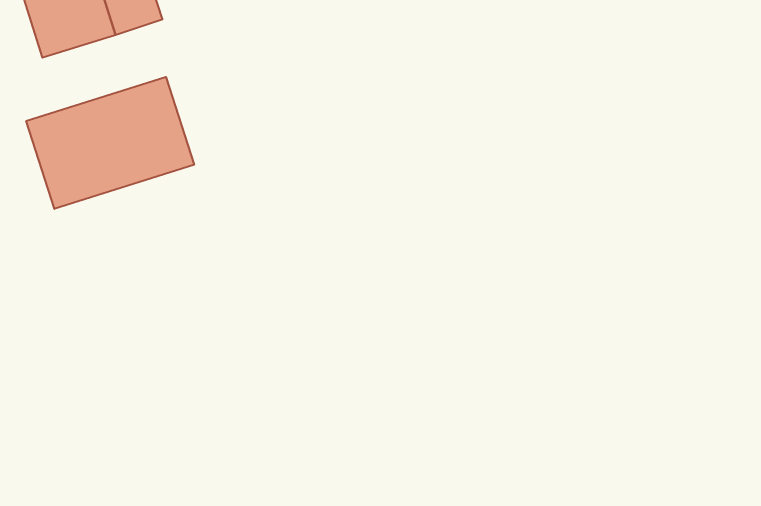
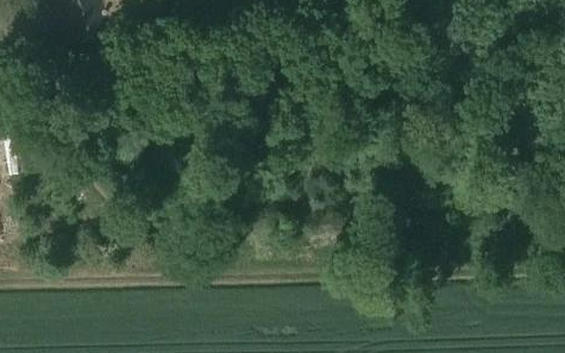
building: [26,77,194,209] -> none

